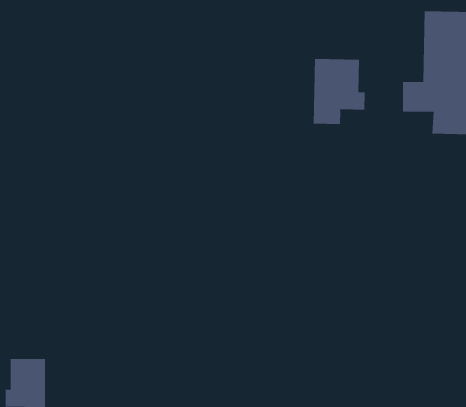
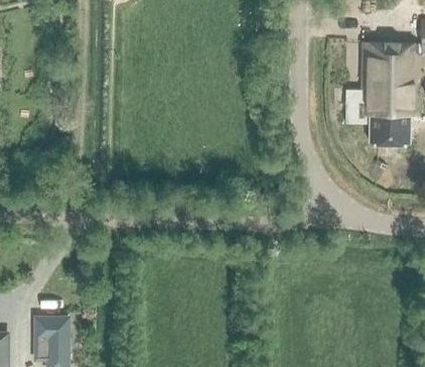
building: [313,58,365,125] -> none

